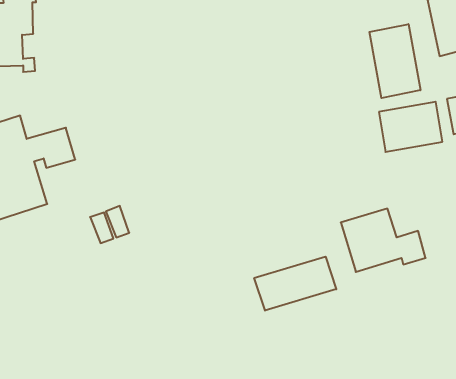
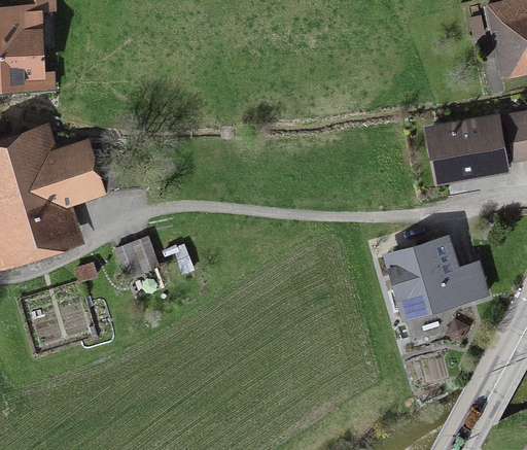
building: [369,24,420,98] -> none
building: [254,257,336,311] -> none

